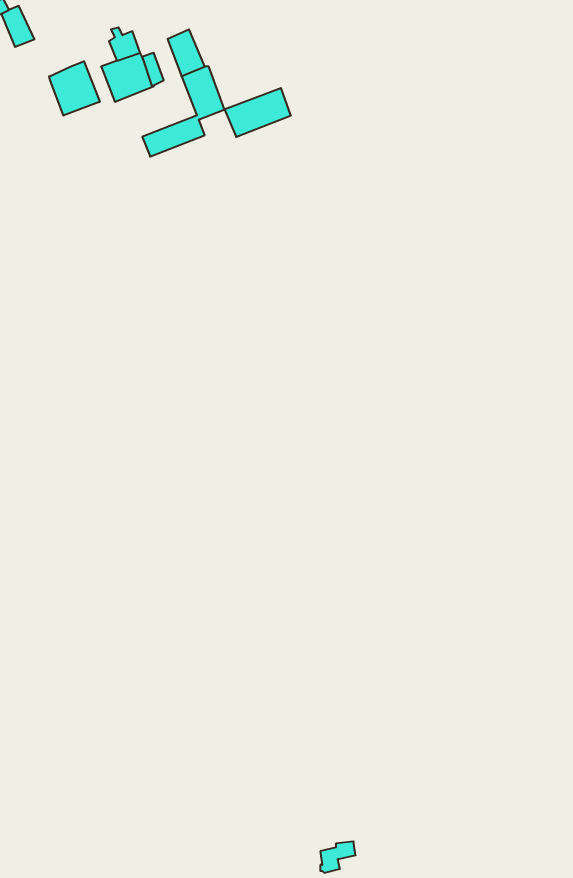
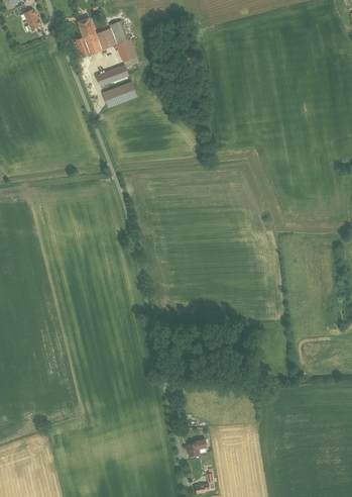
building: [49,61,100,116] -> none
building: [224,88,291,137] -> [102,81,136,106]

